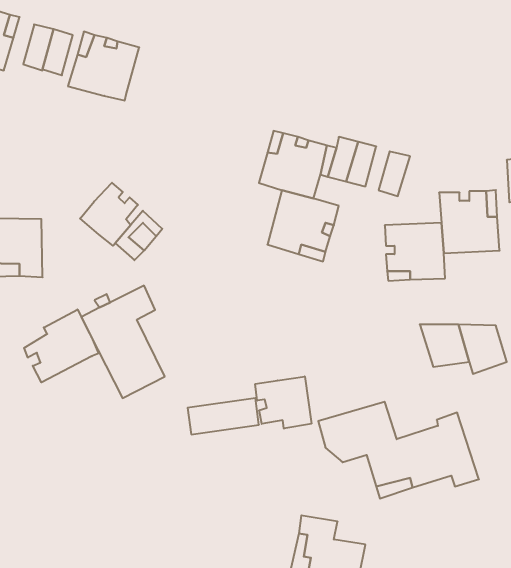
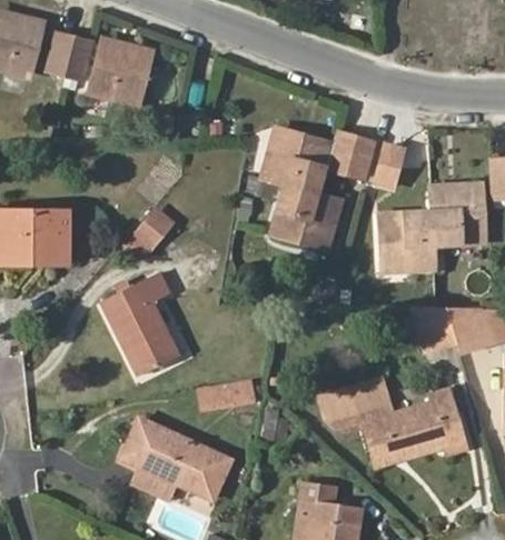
building: [80,183,138,246] -> none
building: [24,309,99,382] -> none
building: [255,376,311,429] -> none
building: none -> [125,419,231,502]

